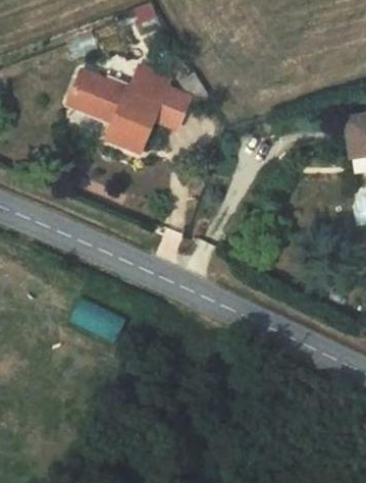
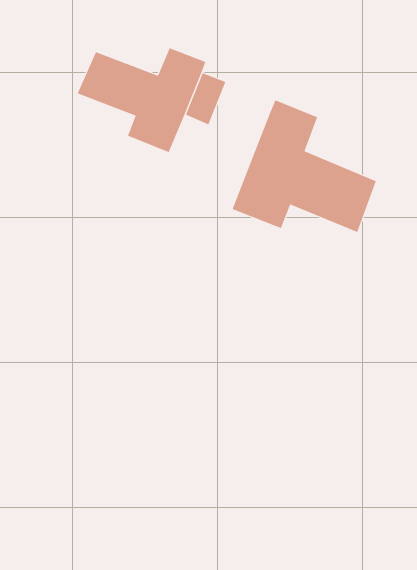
building: none -> [232,100,376,233]

